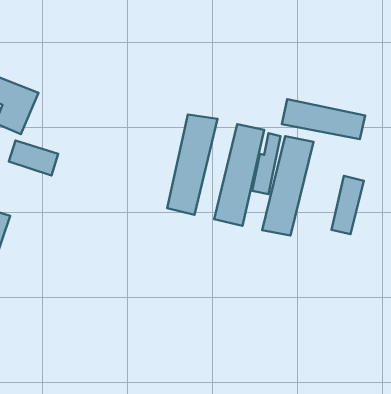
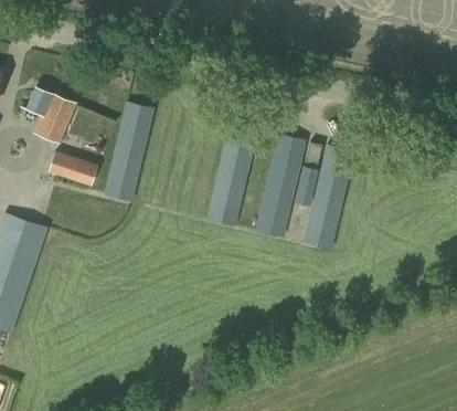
building: none -> [104,101,155,202]
building: [282,99,365,139] -> none
building: [332,176,364,234] -> none

